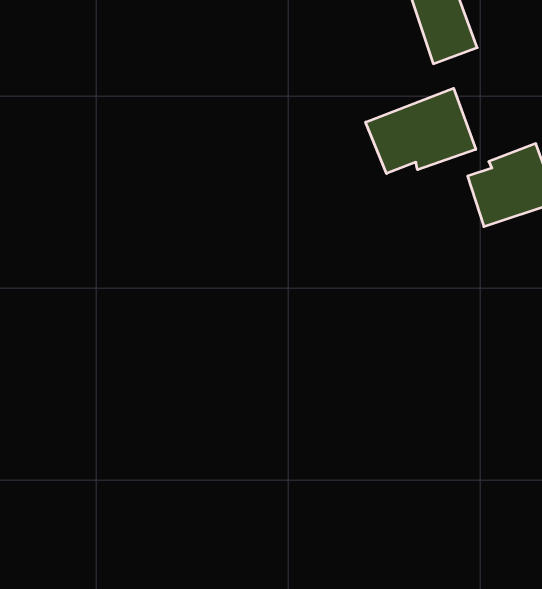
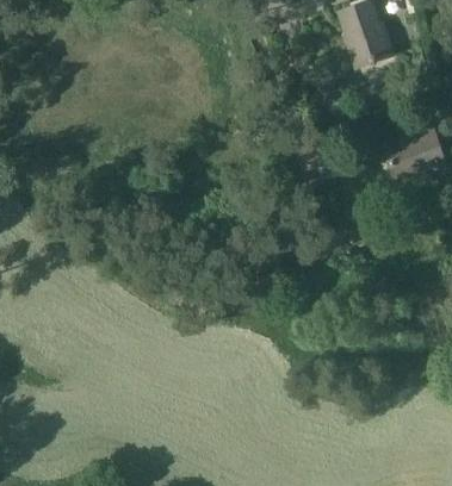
building: [366,88,476,174] -> none

